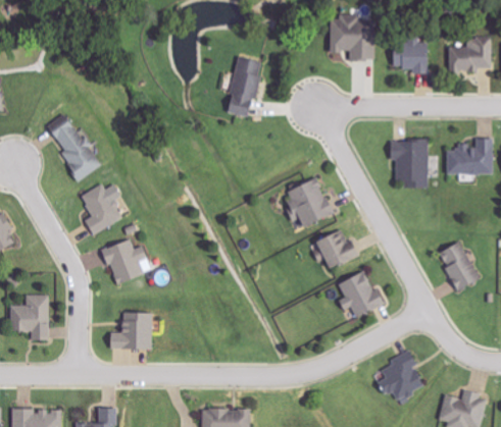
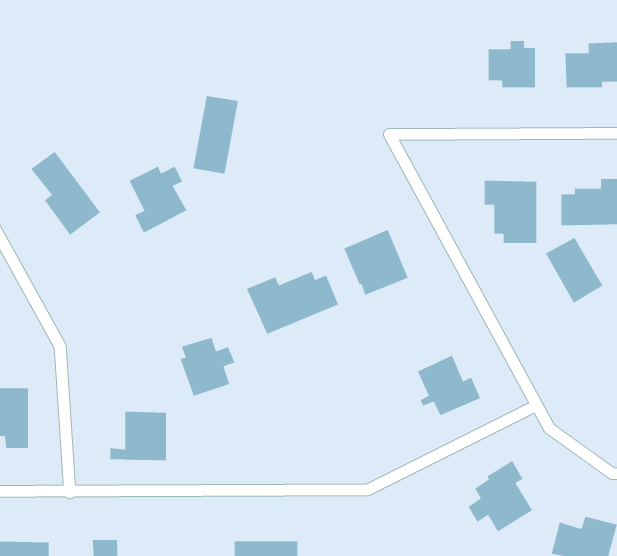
building: [329,13,371,60] -> none
building: [226,57,260,116] -> [192,95,239,174]
building: [80,183,123,234] -> [129,166,187,234]
building: none -> [246,271,339,335]
building: [313,229,359,267] -> none
building: [105,238,147,283] -> [179,337,235,397]
building: [436,241,480,290] -> [545,237,604,304]

